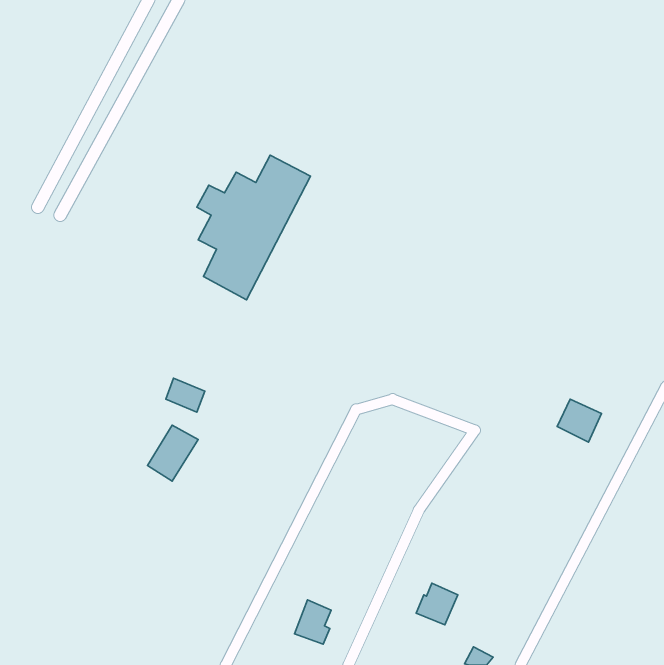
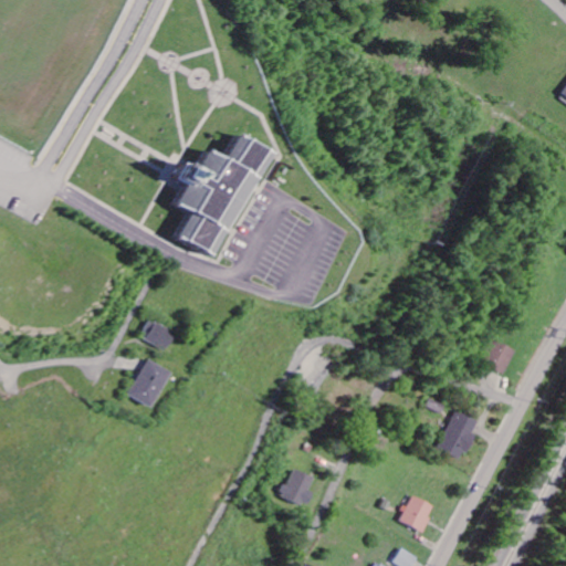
building: none -> [438,411,478,460]
building: [416,583,458,625] -> [400,495,436,531]
building: [294,600,331,644] -> [284,468,315,505]

